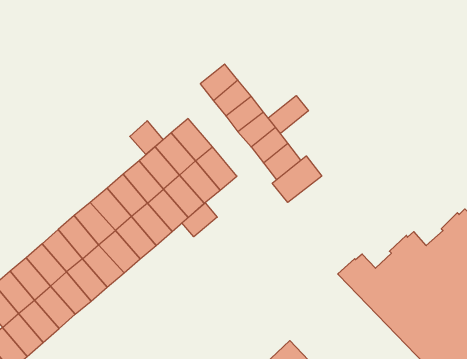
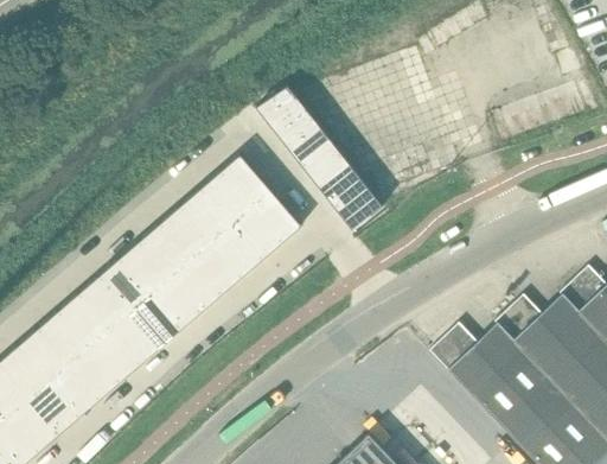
building: [268,96,308,133] -> none
building: [130,121,163,155] -> none
building: [272,156,322,202] -> none
building: [182,203,217,237] -> none

